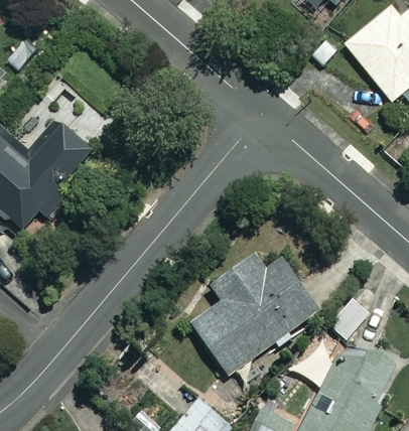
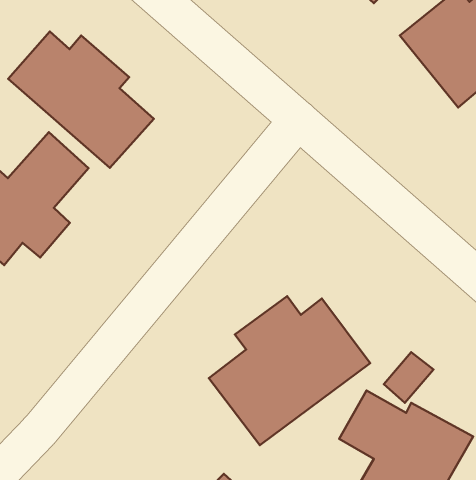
building: none -> [8,32,154,168]

